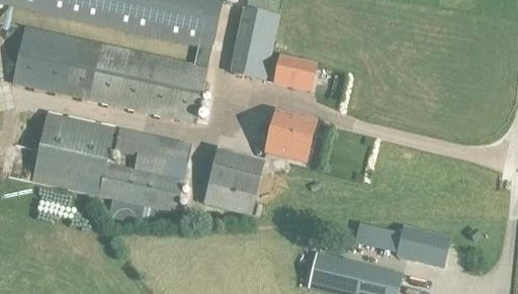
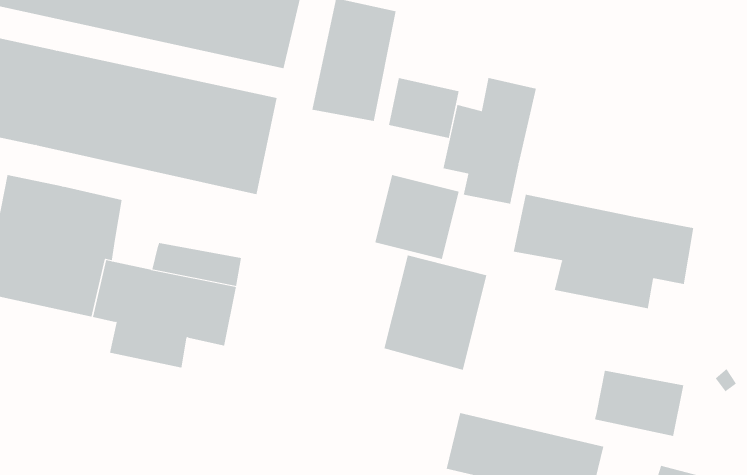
building: none -> [443,77,536,204]
building: none -> [513,194,694,309]
building: [111,126,190,161] -> none
building: [202,148,264,216] -> [383,255,487,370]
building: [351,221,391,246] -> none

